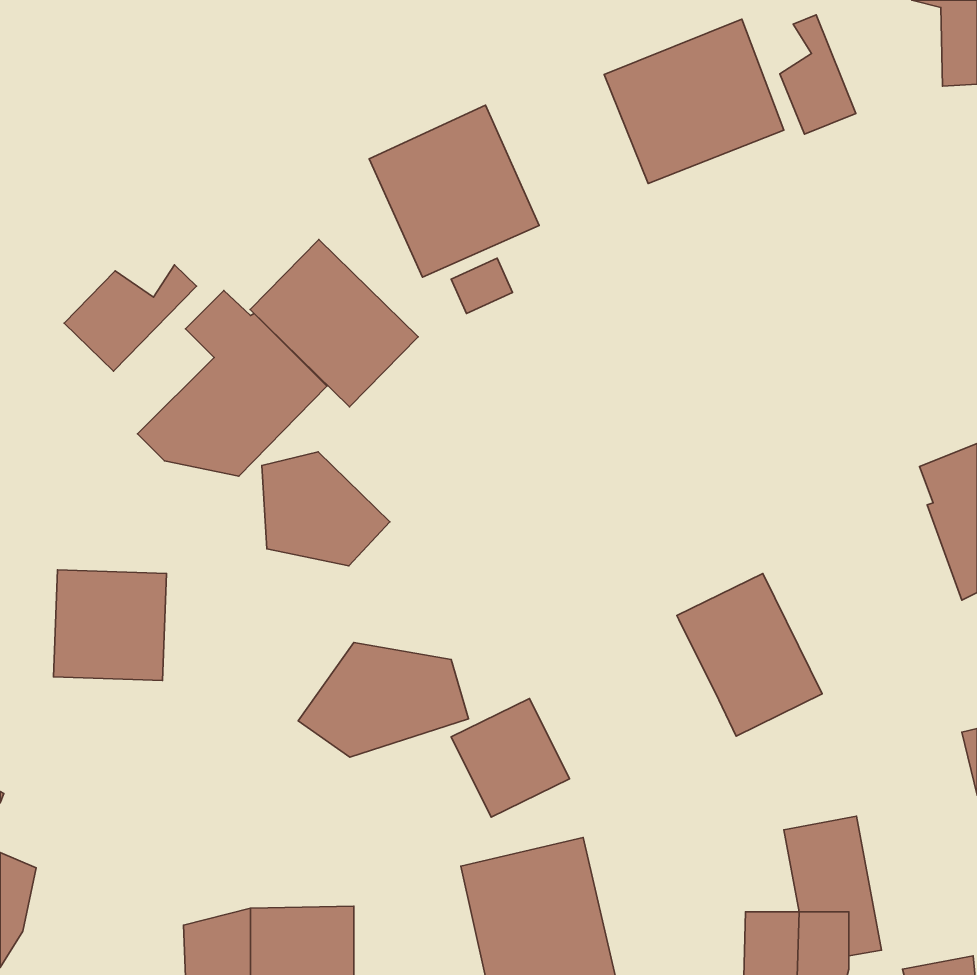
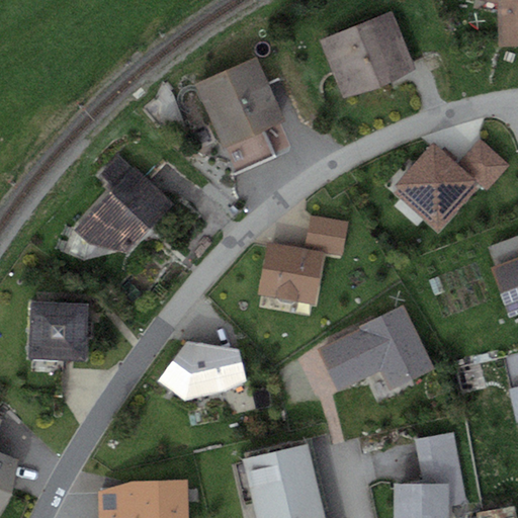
building: [780,15,856,134] -> none
building: [250,240,418,407] -> none
building: none -> [392,139,511,232]
building: [64,265,197,371] -> none
building: none -> [259,217,348,305]
building: [262,452,390,566] -> none
building: [451,699,570,817] -> [318,329,380,392]

